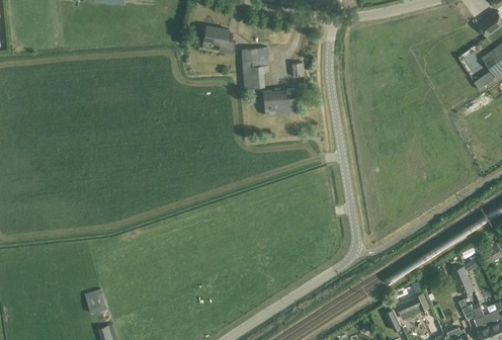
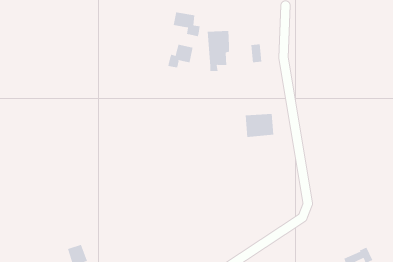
building: none -> [168,44,193,68]
building: [262,89,296,116] -> [245,114,274,138]

